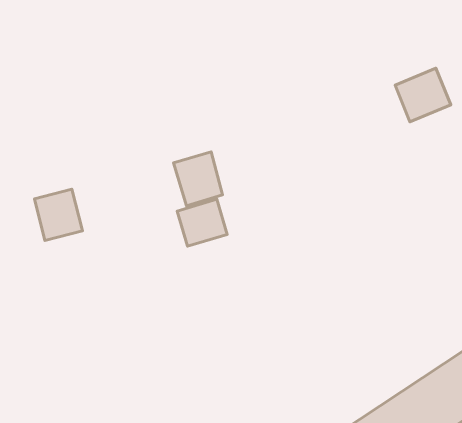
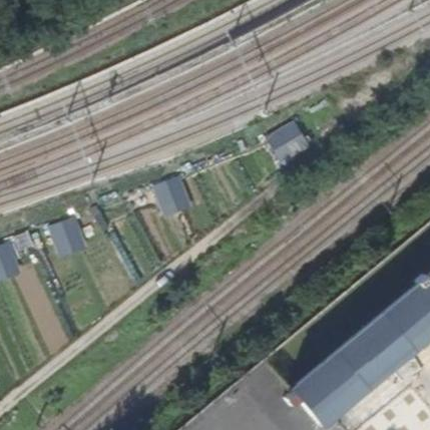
building: [395,68,451,122] -> [266,120,311,164]
building: [177,199,227,246] -> none

